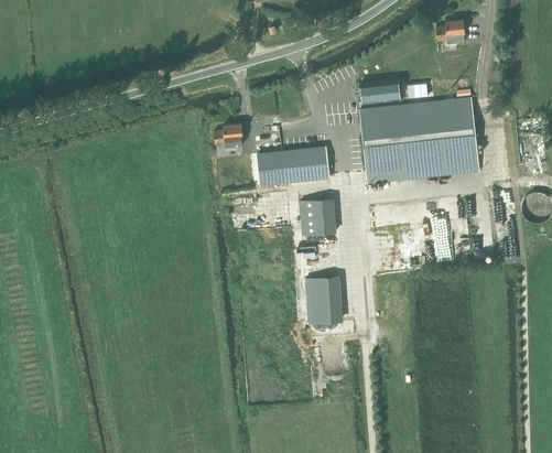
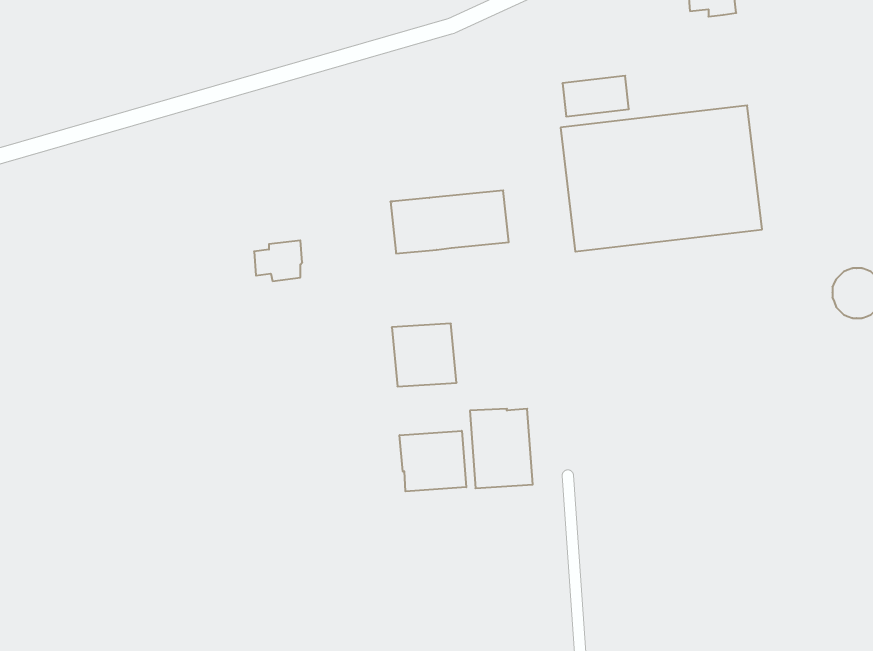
building: [214,122,242,147] -> [254,240,302,281]
building: [299,197,337,235] -> [392,324,457,386]
building: none -> [400,431,466,491]

